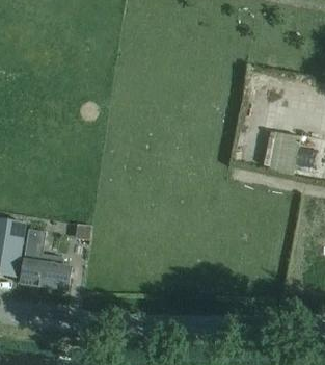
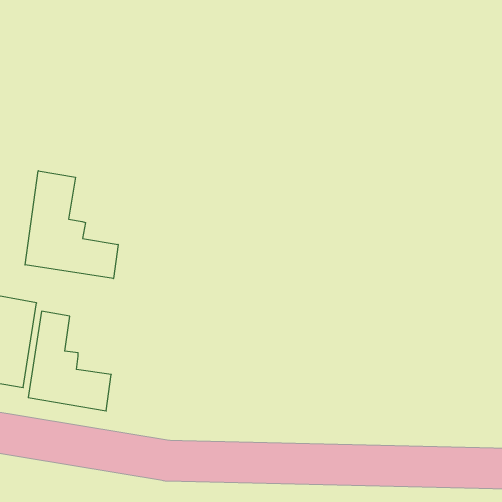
building: none -> [25,171,118,279]

